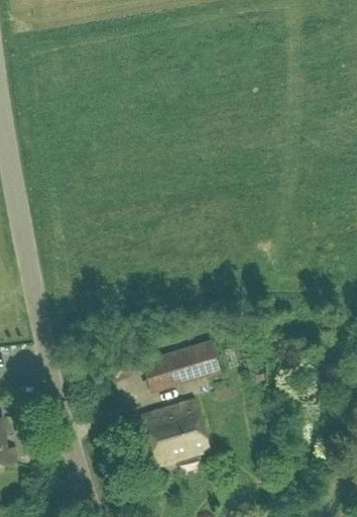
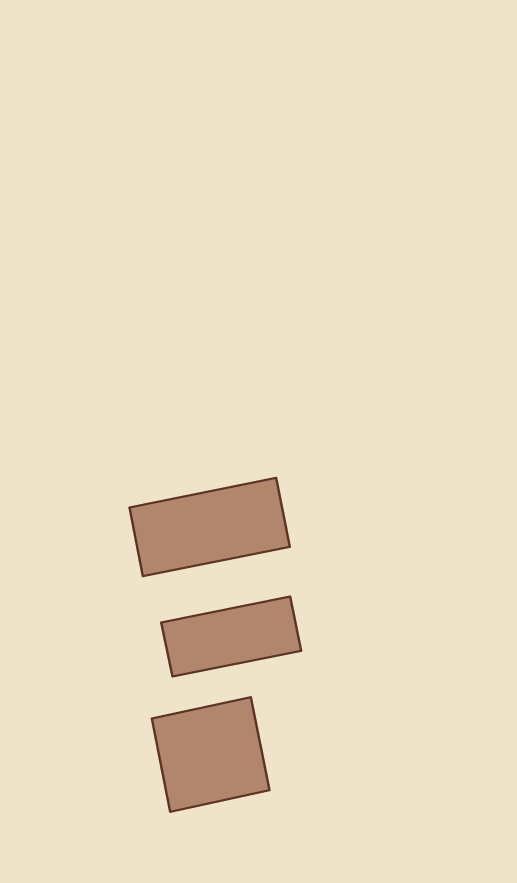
building: none -> [129,478,290,576]

